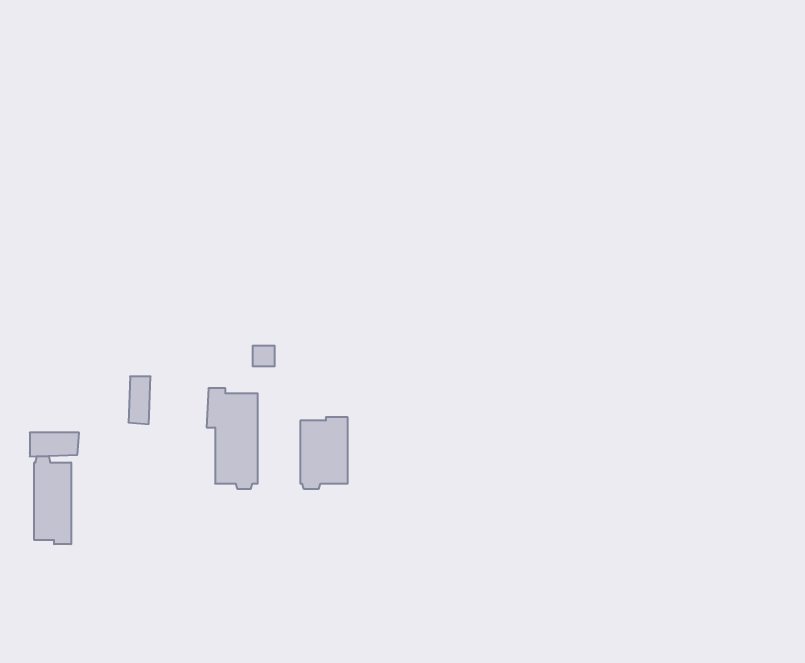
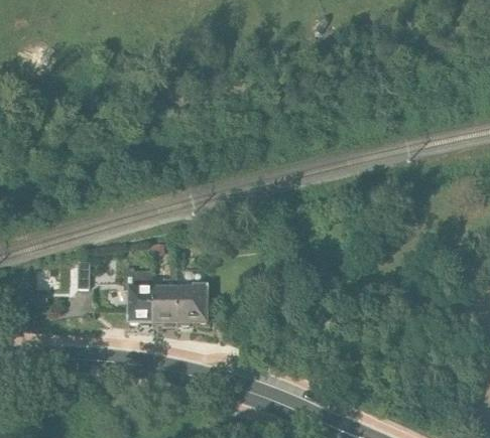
building: none -> [154,285,179,325]
building: [34,456,71,544] -> none

